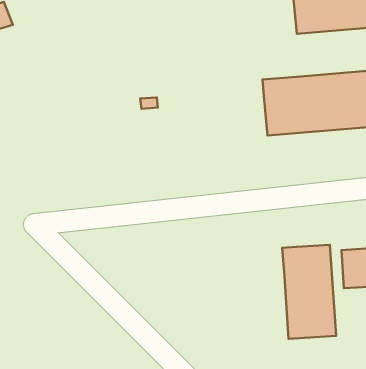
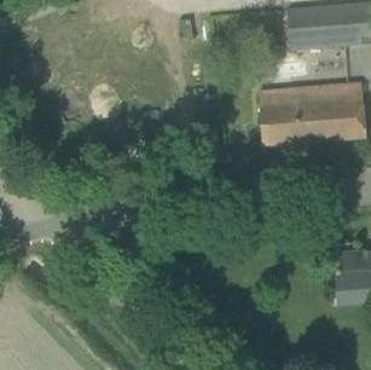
building: [282,245,336,339] -> none

